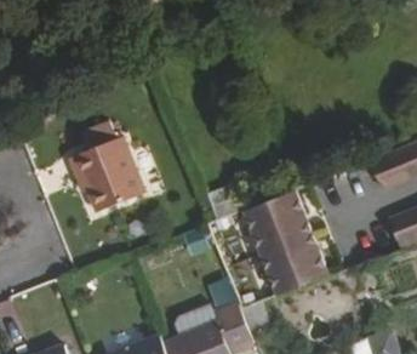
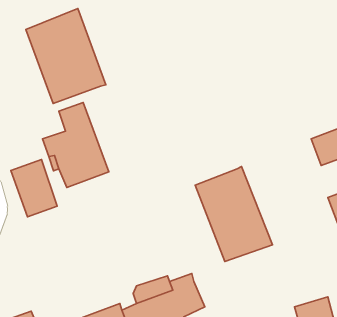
building: none -> [26,9,106,103]
building: none -> [11,159,57,217]

